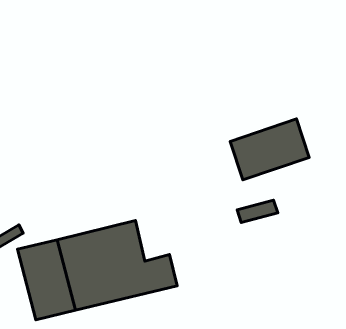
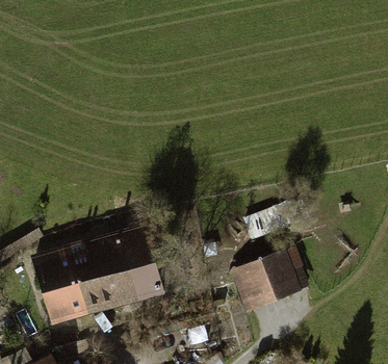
building: [230,119,309,180] -> [230,251,307,310]

